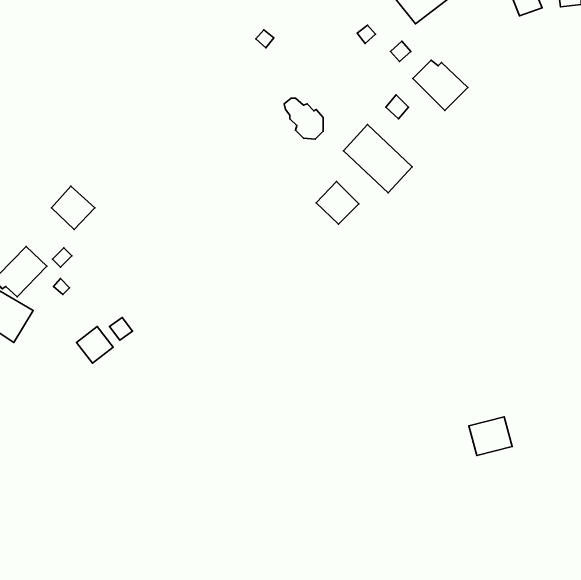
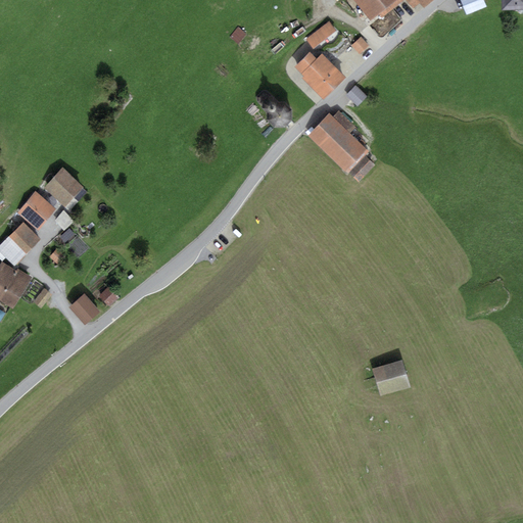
building: [413,60,468,110] -> [292,48,341,93]
building: [316,182,359,224] -> none
building: none -> [17,190,57,229]
building: [469,417,512,455] -> [373,361,412,395]

